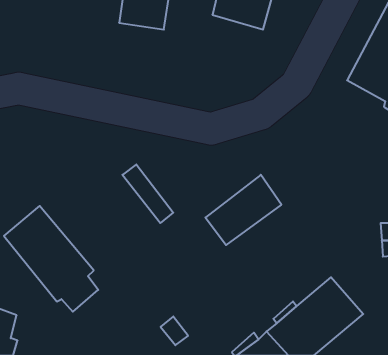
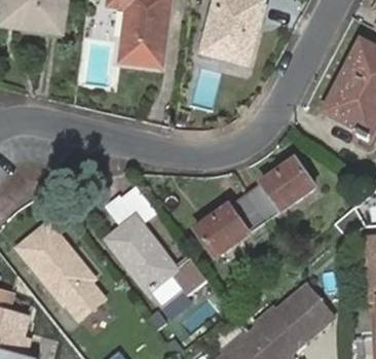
building: none -> [245,157,313,220]
building: none -> [107,216,205,306]

